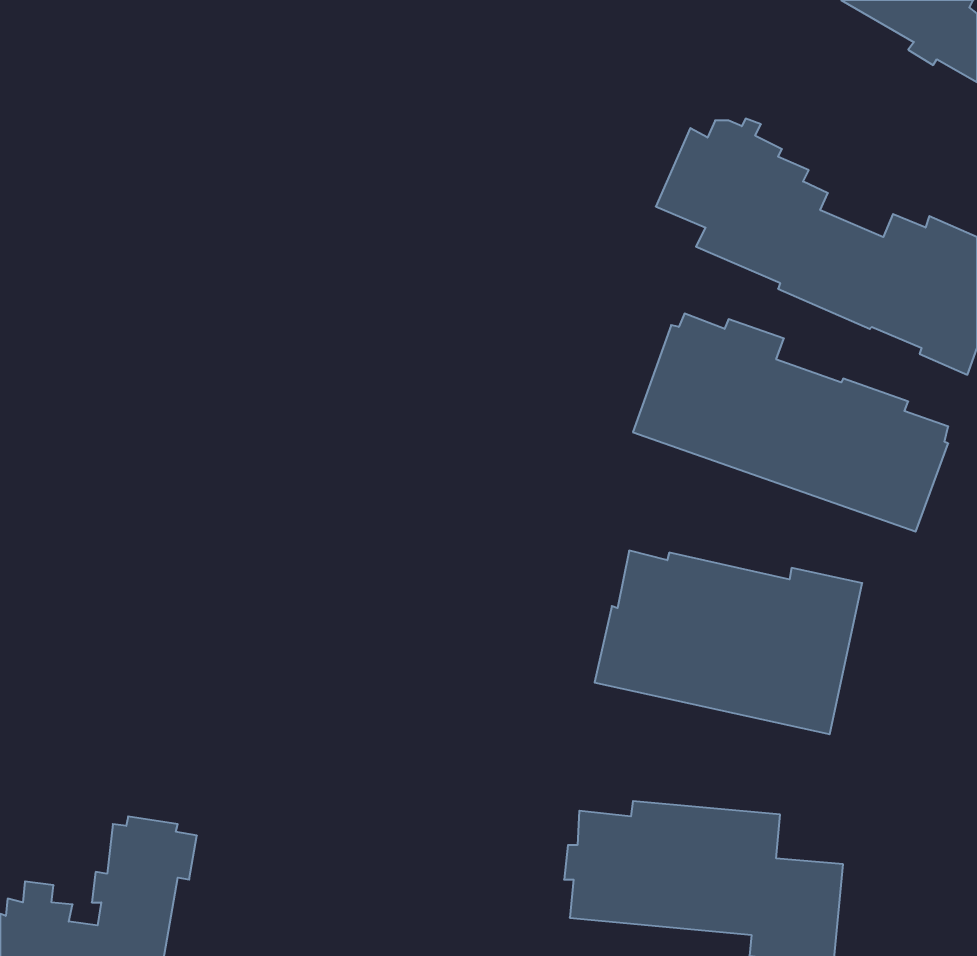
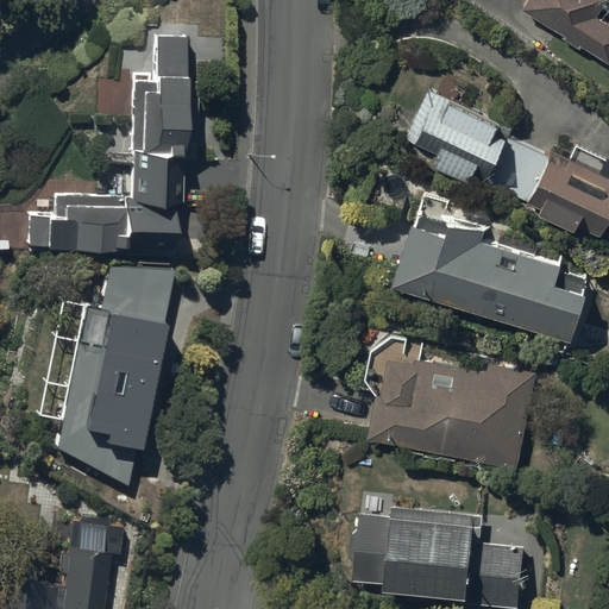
building: none -> [27,39,196,250]
building: none -> [49,269,168,489]

